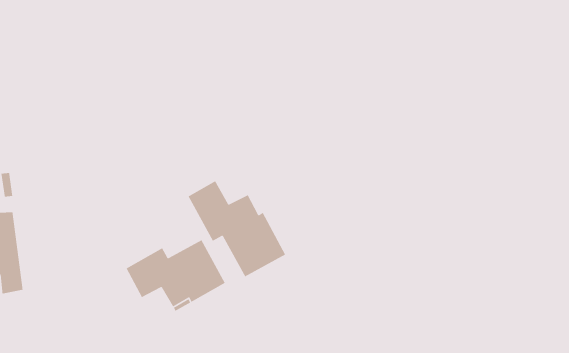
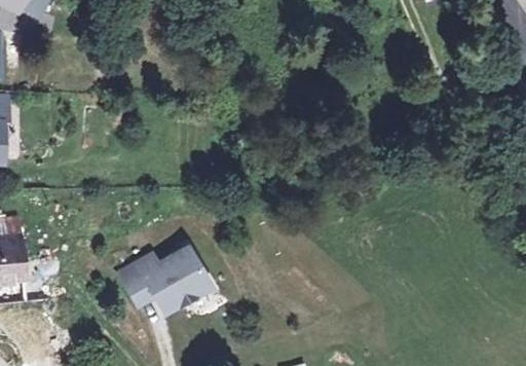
building: [187,180,286,278] -> none

